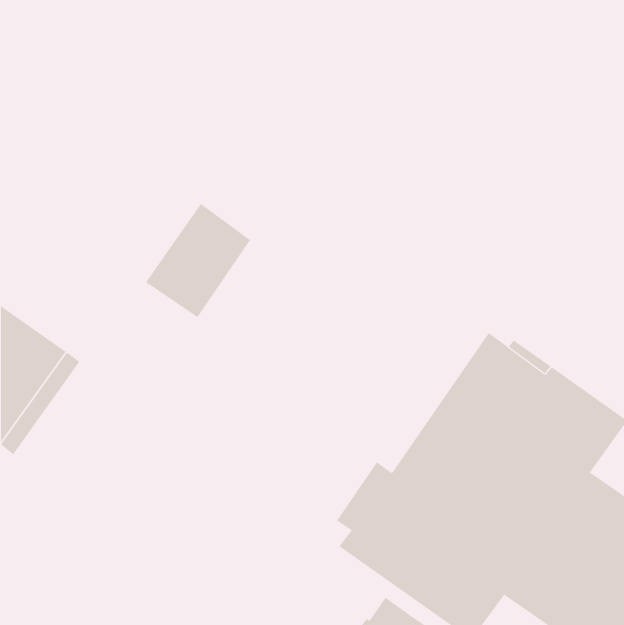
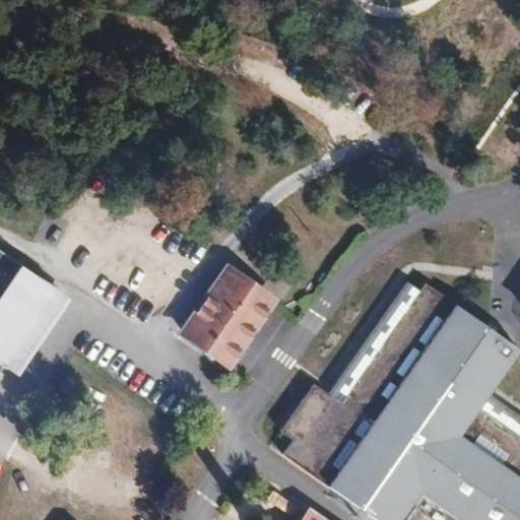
building: [145,203,251,318] -> [186,273,273,368]

